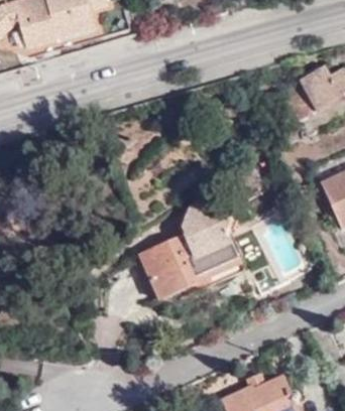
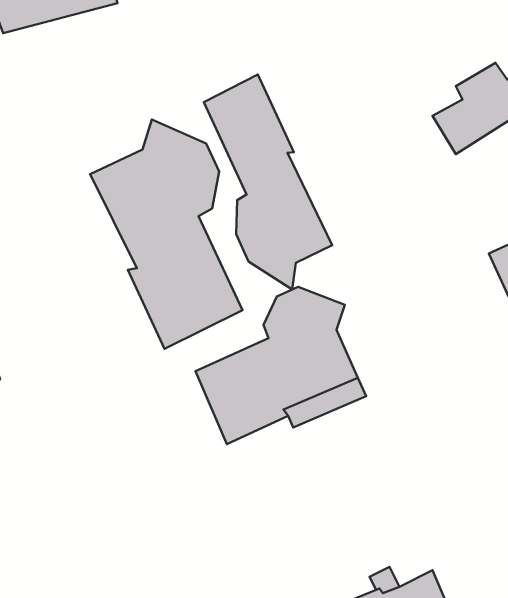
building: none -> [204,75,332,290]
building: none -> [90,120,242,349]

